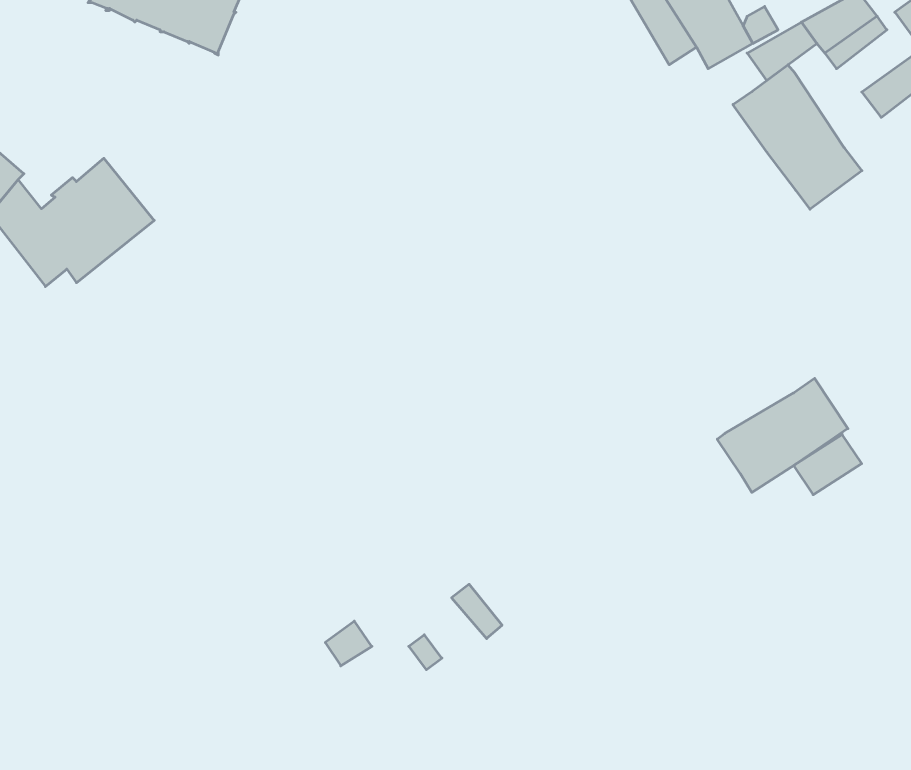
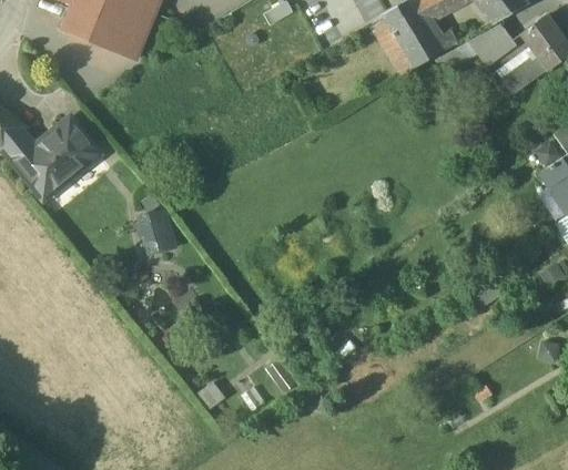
building: [733,65,862,209] -> none
building: none -> [142,214,176,256]
building: [717,378,848,492] -> none

